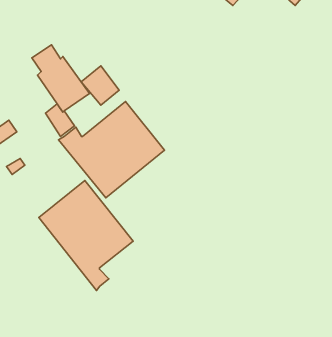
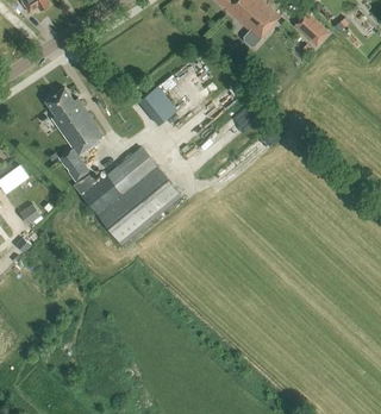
building: [81,66,119,105] -> [138,84,177,125]
building: [39,181,133,290] -> none

